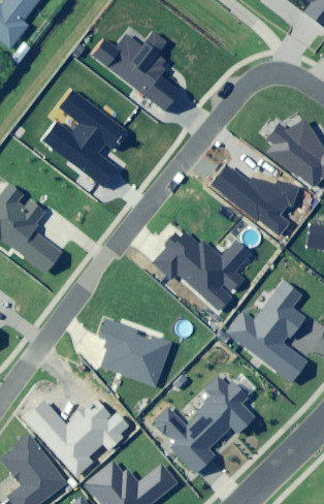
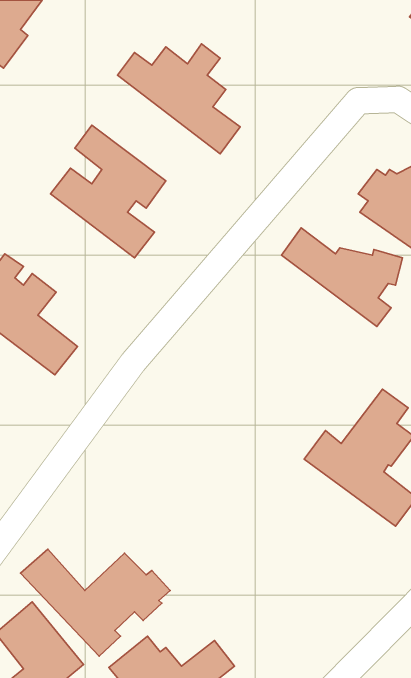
building: [154,233,251,311] -> none
building: [99,320,170,384] -> none
building: [154,376,256,472] -> none

